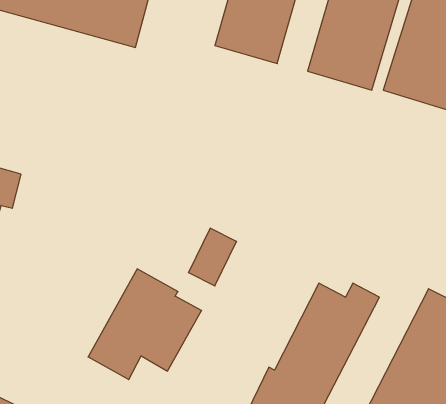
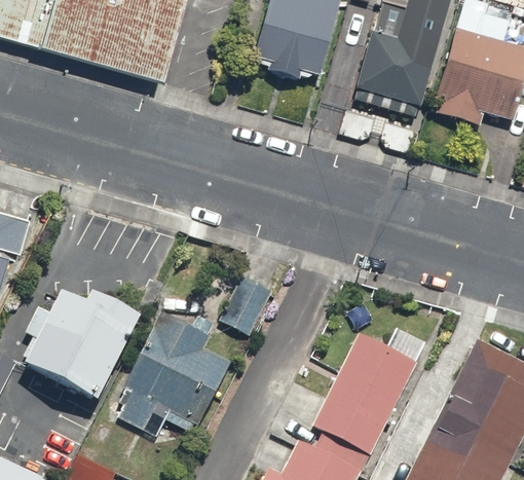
building: none -> [24,290,150,403]

